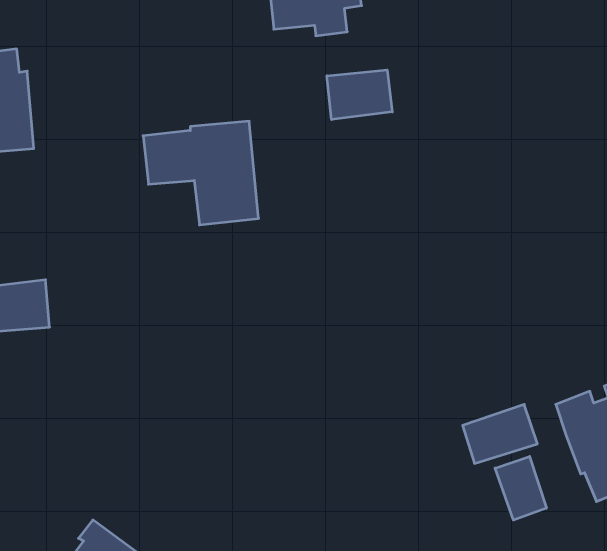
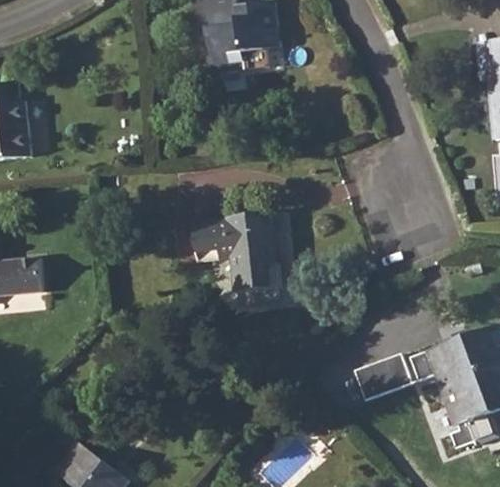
building: [327,70,392,120] -> none
building: [143,121,259,225] -> [194,214,282,293]
building: [495,456,546,520] -> none

